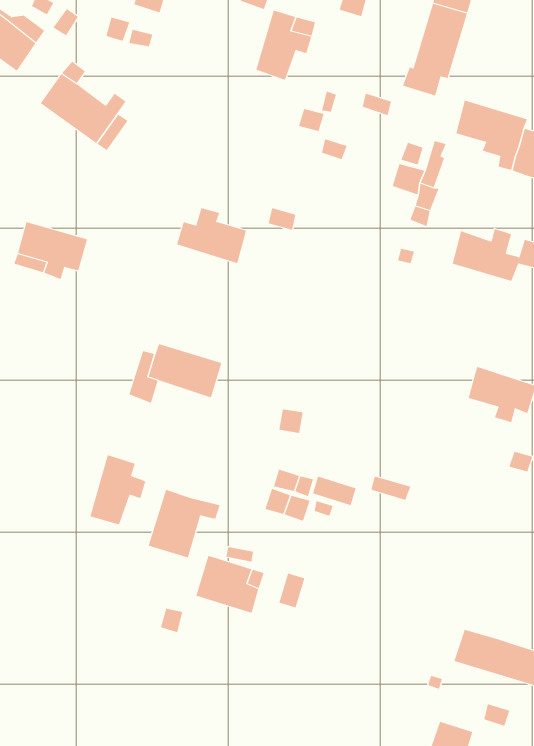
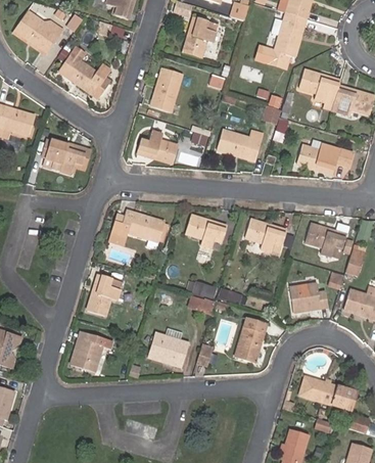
building: none -> [151,67,183,111]
building: none -> [218,129,262,160]
building: none -> [187,215,227,247]
building: none -> [246,219,286,251]
building: none -> [290,282,328,312]
building: [148,489,220,558] -> [72,331,113,371]
building: none -> [235,318,267,362]

